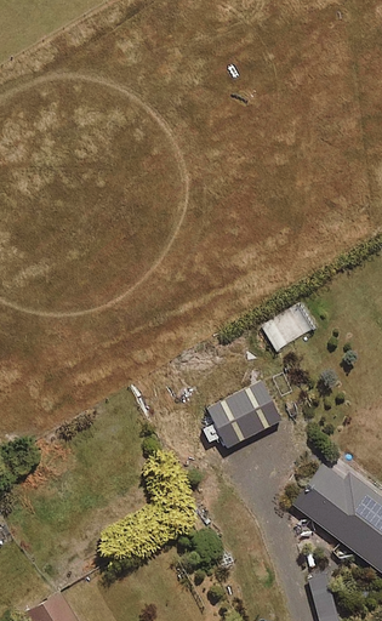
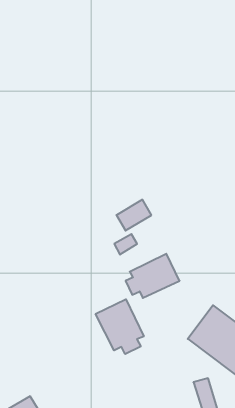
building: [262,303,314,349] -> [116,200,151,231]
building: none -> [96,299,144,354]

